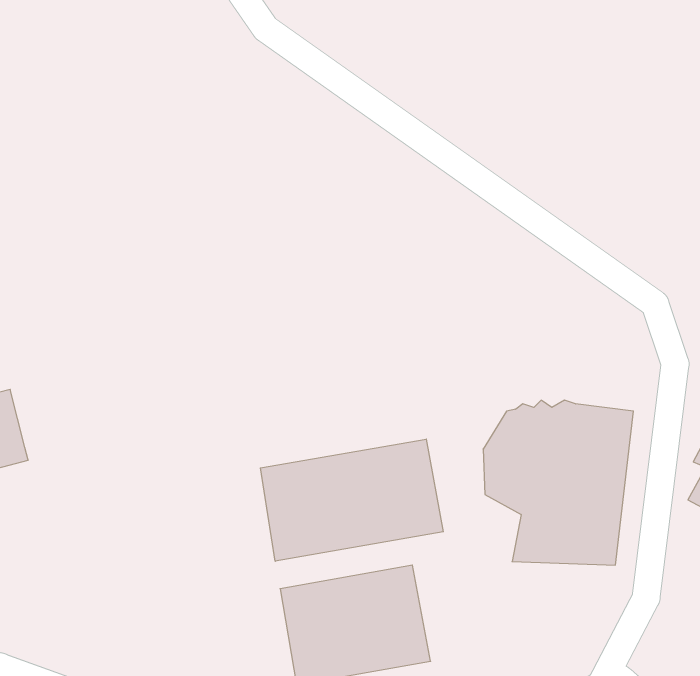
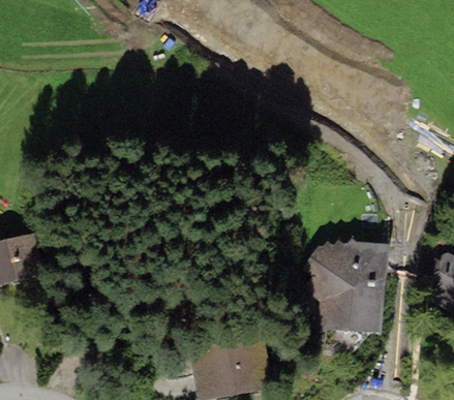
building: [260,439,443,561] -> none

